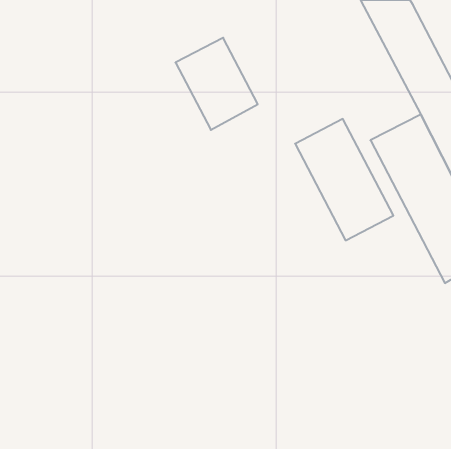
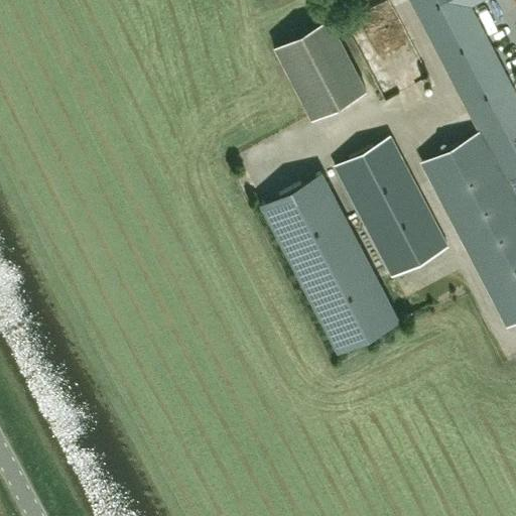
building: [175,38,258,130] -> [273,17,367,122]
building: none -> [263,176,397,353]

